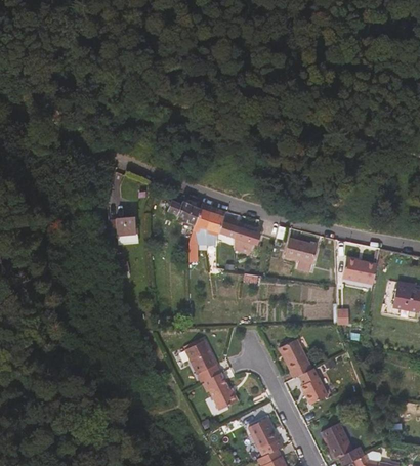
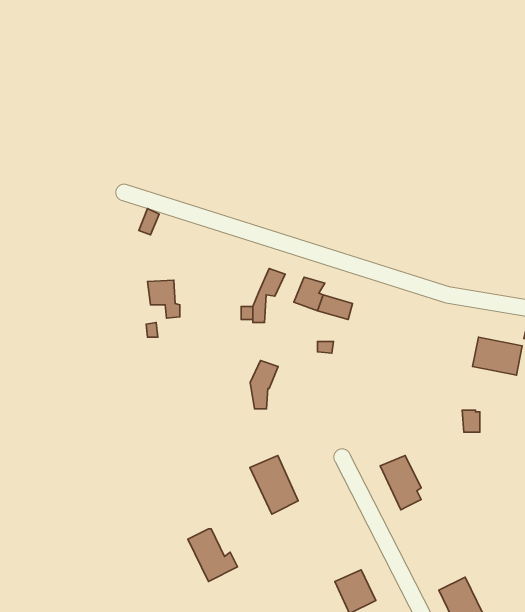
building: [168,200,202,225] -> none
building: [206,213,225,247] -> [250,361,278,409]
building: [287,239,316,263] -> none
building: [298,369,326,405] -> none
building: [208,372,243,409] -> [188,529,238,581]

